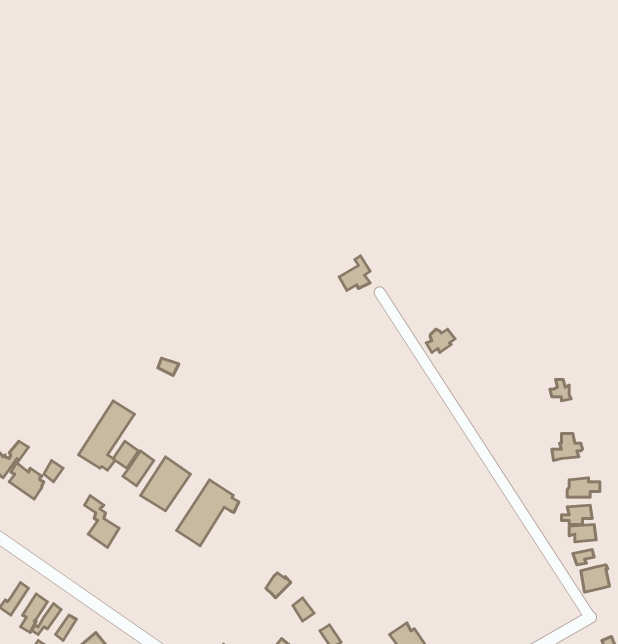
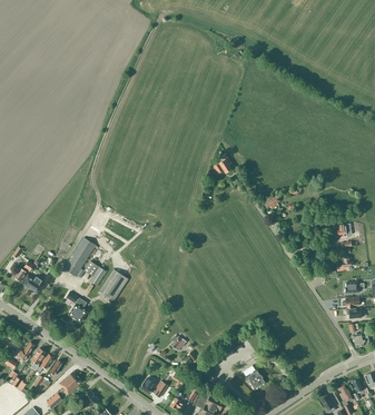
building: [177,480,239,546] -> none

